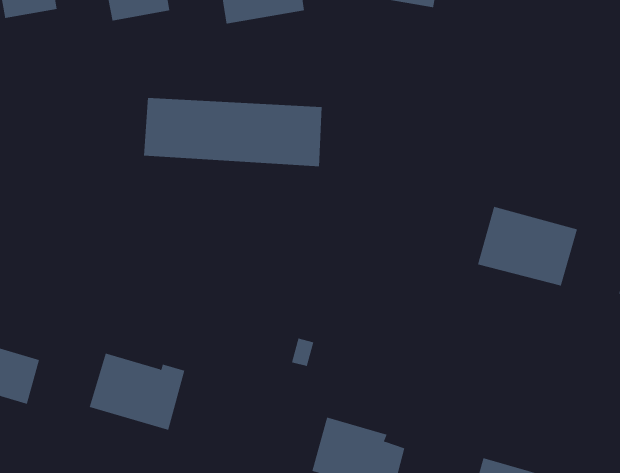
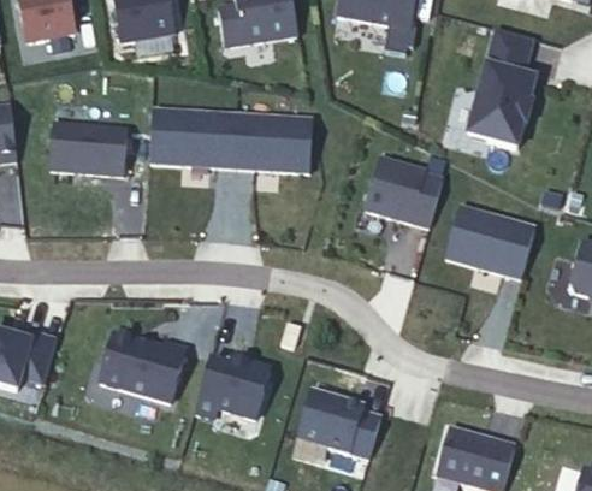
building: none -> [469,40,537,149]
building: none -> [51,122,124,174]
building: none -> [366,158,445,229]
building: none -> [200,359,271,420]

